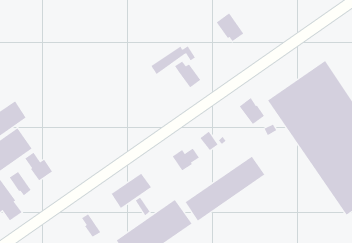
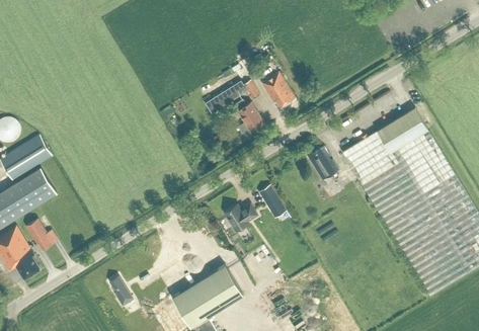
building: [216,13,244,42] -> [261,71,295,106]
building: [25,152,53,181] -> none
building: [185,156,265,222] -> none
building: [111,173,152,209] -> none

